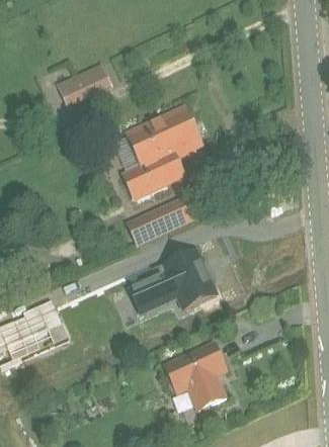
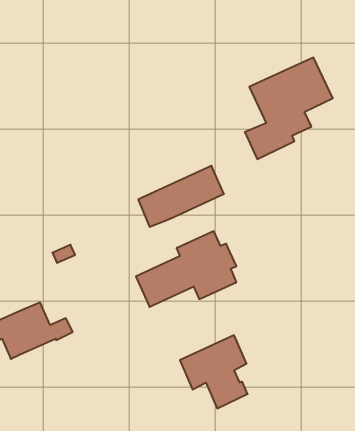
building: [57,61,112,105] -> none
building: [122,106,201,197] -> [245,58,333,159]

